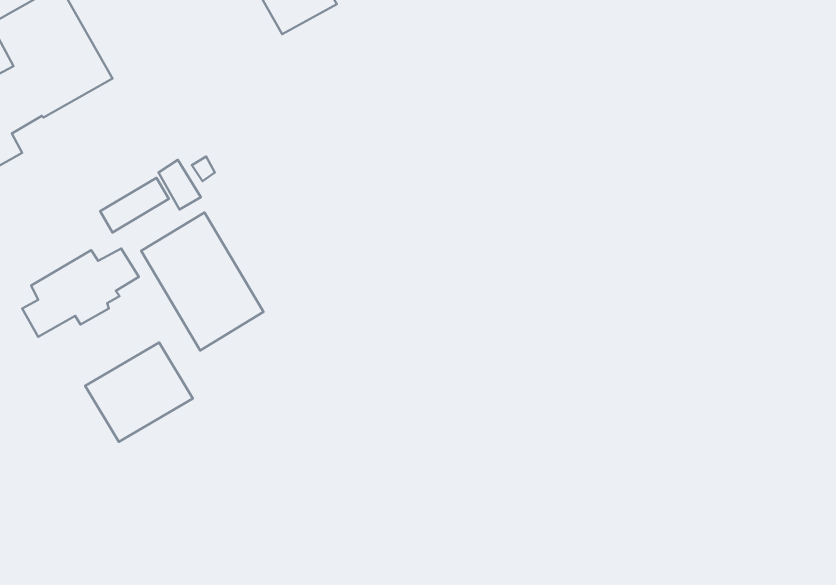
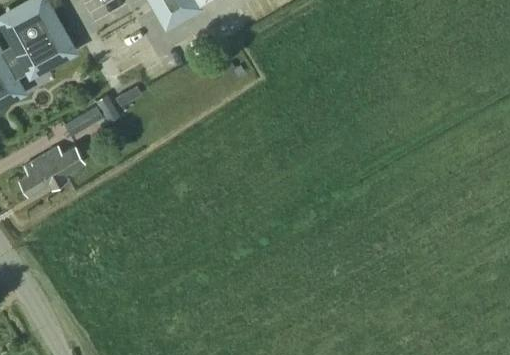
building: [141,212,263,350] -> none
building: [85,342,193,442] -> none

